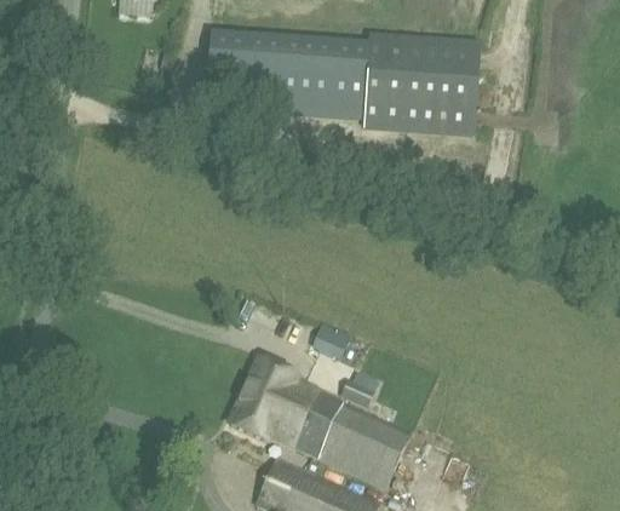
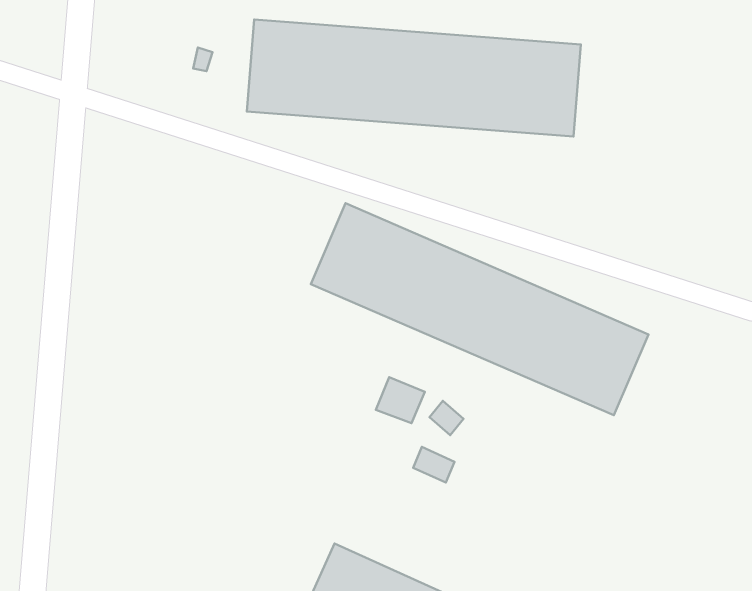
building: none -> [311,203,648,415]
building: [232,358,411,486] -> none

